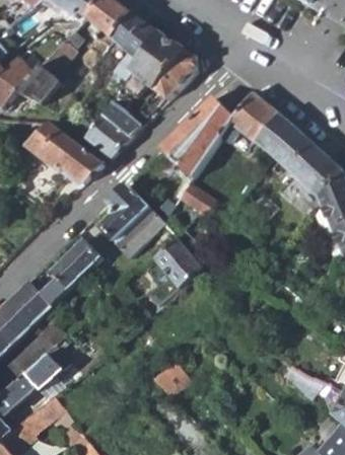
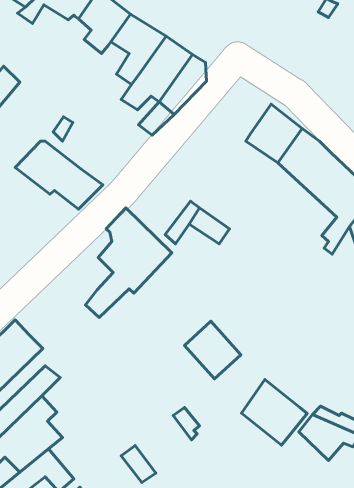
building: [18,32,79,105] -> none
building: [86,92,142,157] -> none
building: [160,97,234,178] -> none
building: [154,235,204,286] -> [184,321,241,379]
building: [40,238,99,307] -> none
building: none -> [241,379,307,445]

